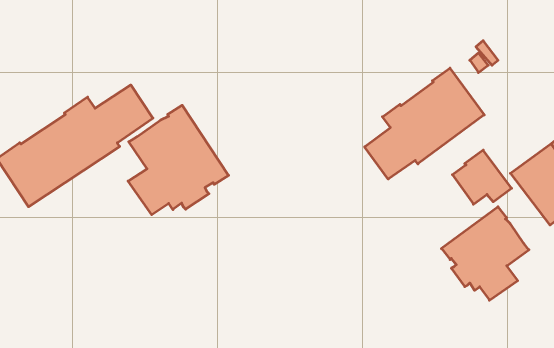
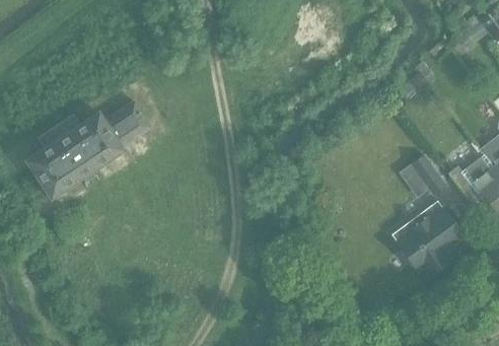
building: [365,68,484,179] -> none
building: [128,105,229,215] -> none

